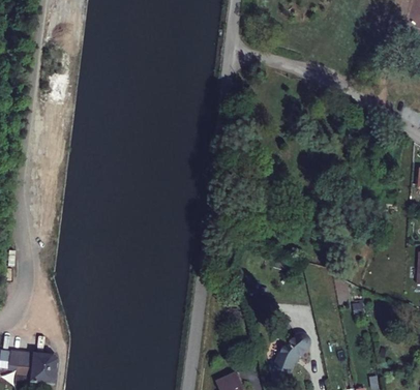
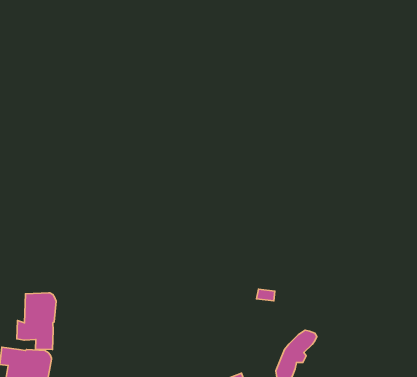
building: none -> [17,293,56,350]

